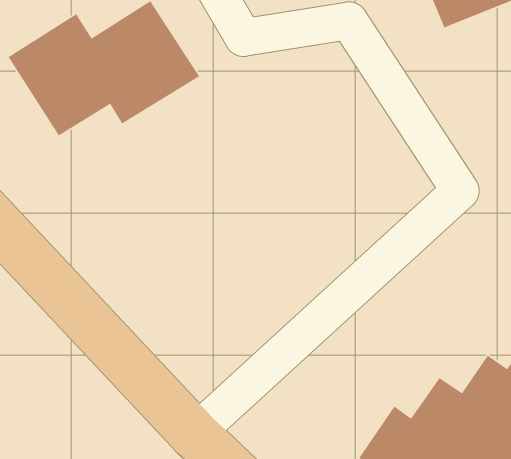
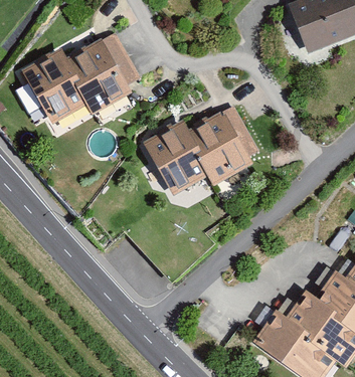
building: none -> [140,107,262,194]

